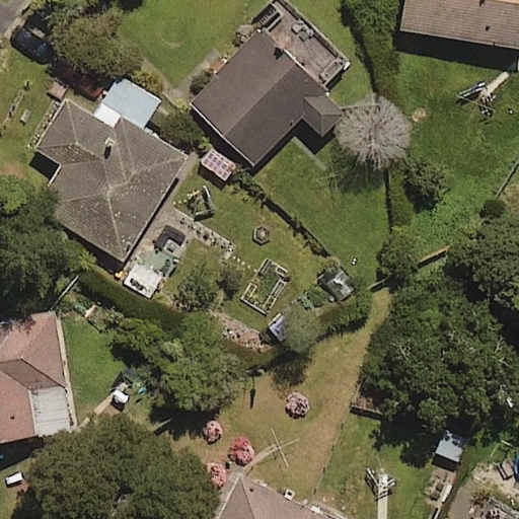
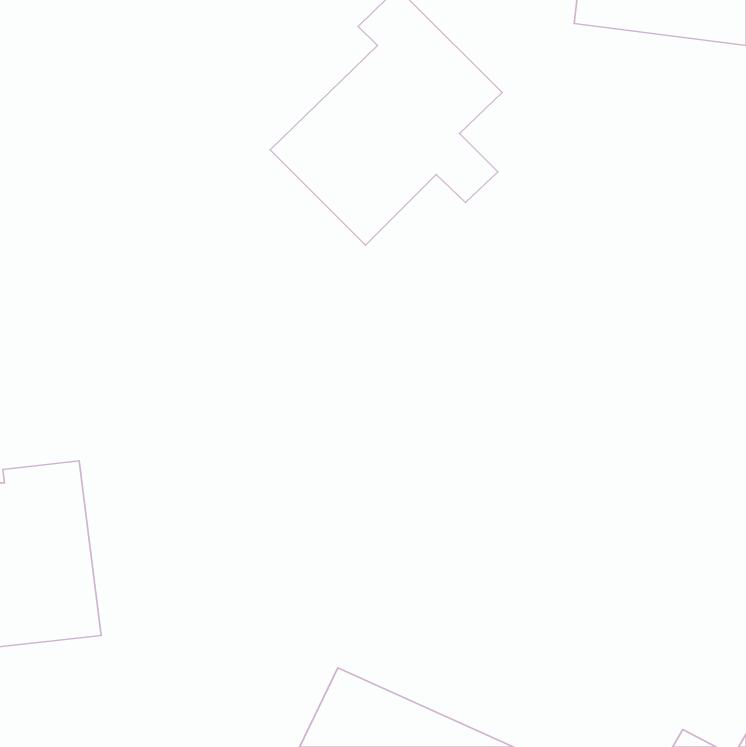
building: [35,77,187,265] -> none

